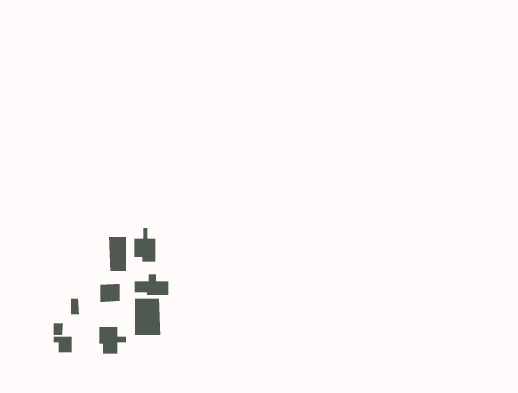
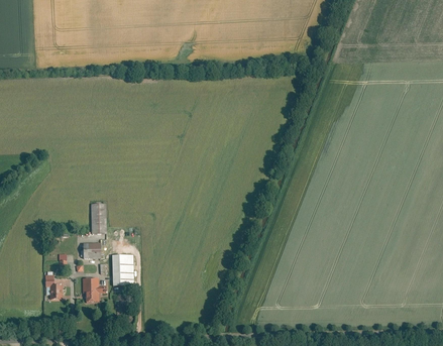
building: [133,227,156,262] -> none
building: [134,274,169,296] -> none

